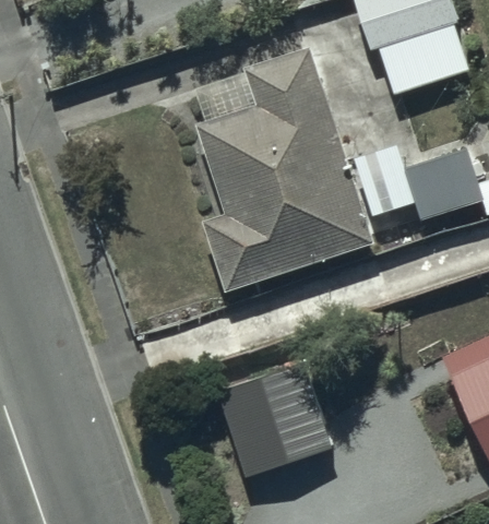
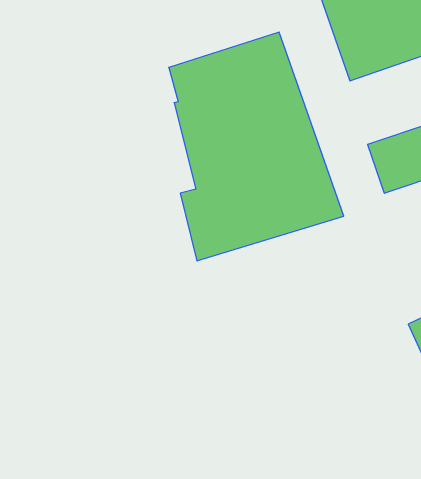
building: [214,353,327,478] -> none

